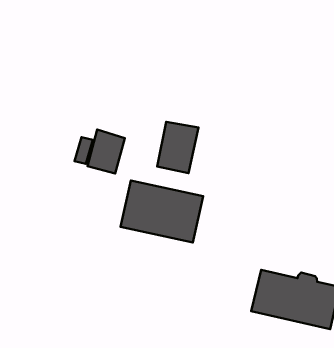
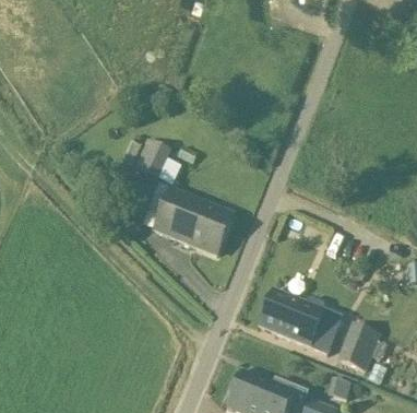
building: [157,122,198,173] -> none

